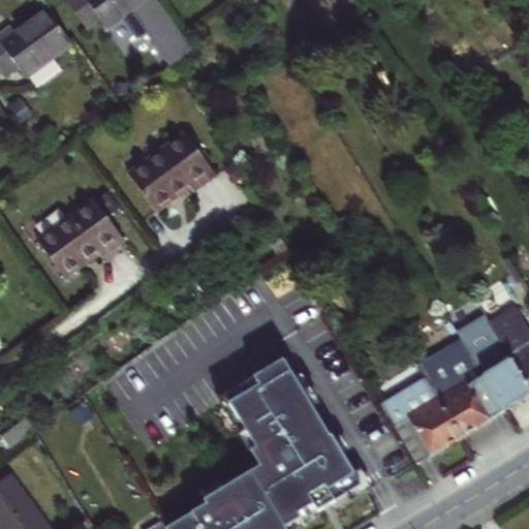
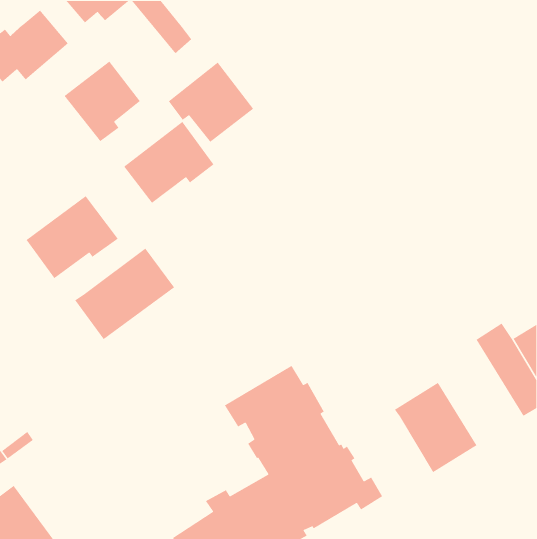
building: none -> [63,60,141,142]
building: none -> [168,61,254,143]
building: none -> [74,247,175,340]
building: [419,334,509,437] -> none

